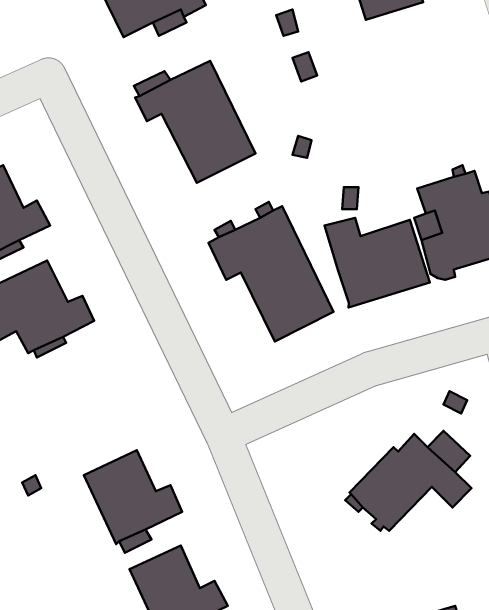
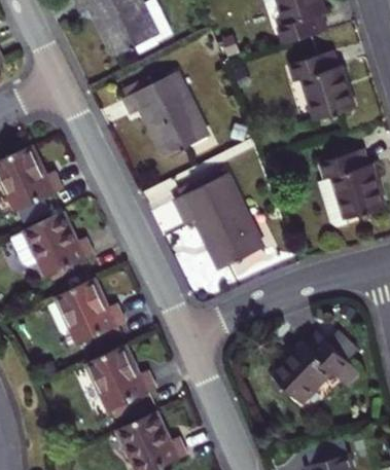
building: none -> [291,51,354,120]
building: [325,218,430,308] -> none
building: none -> [56,278,126,344]

